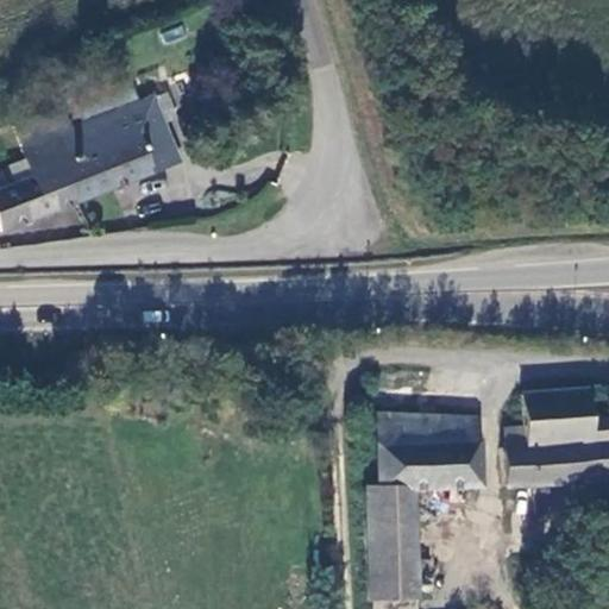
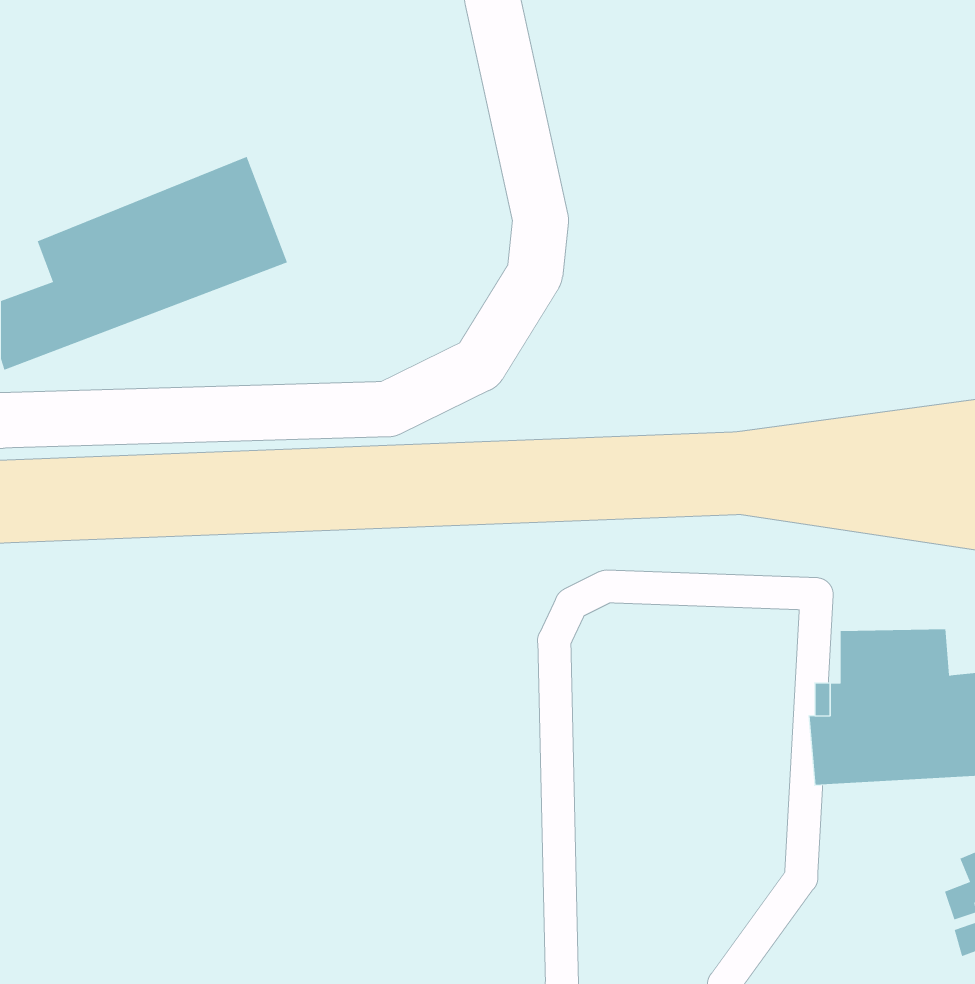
building: [368,415,484,601] -> none

